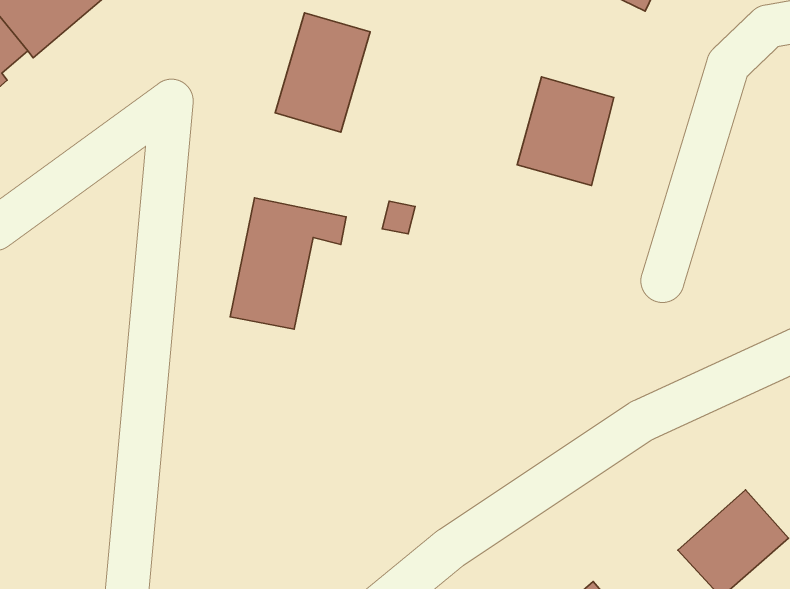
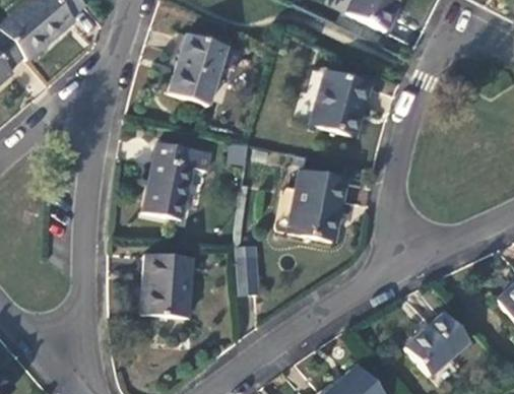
building: none -> [276,169,343,240]
building: none -> [236,243,259,293]
building: none -> [142,253,192,317]

